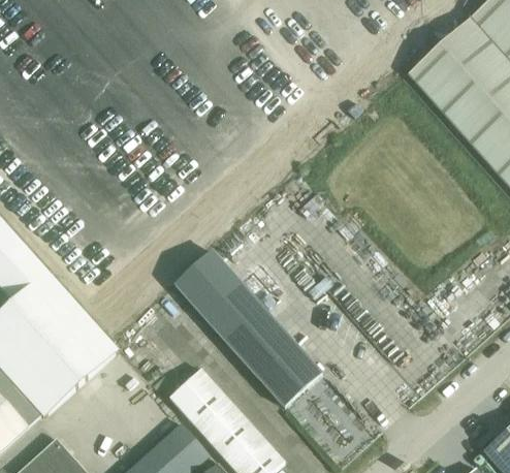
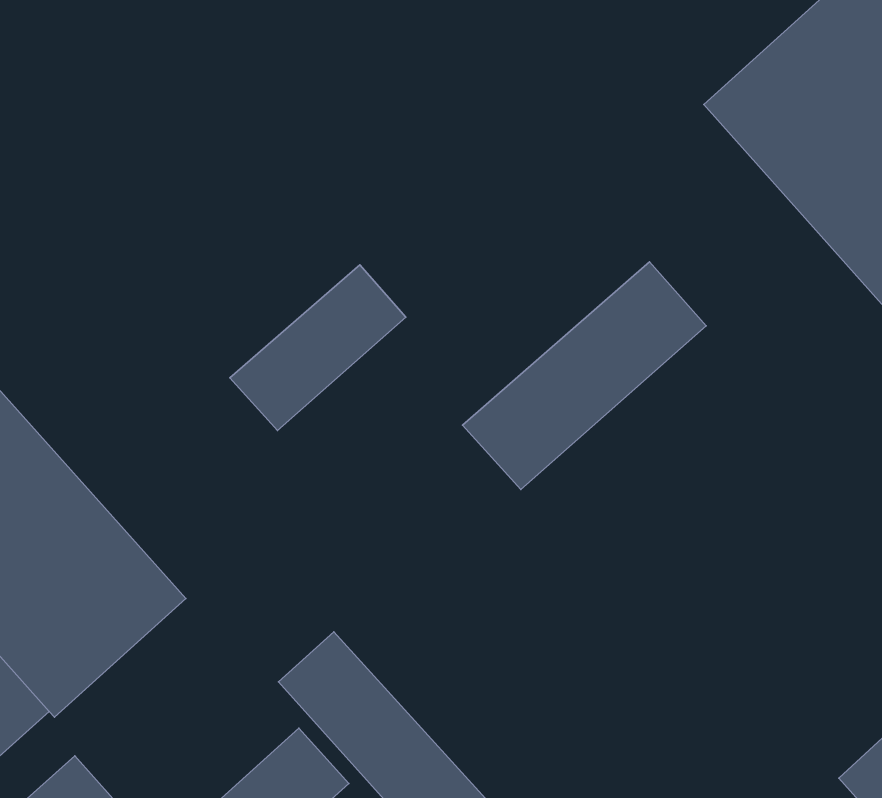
building: none -> [462,262,706,489]
building: none -> [230,265,406,430]
building: [176,250,322,407] -> none

